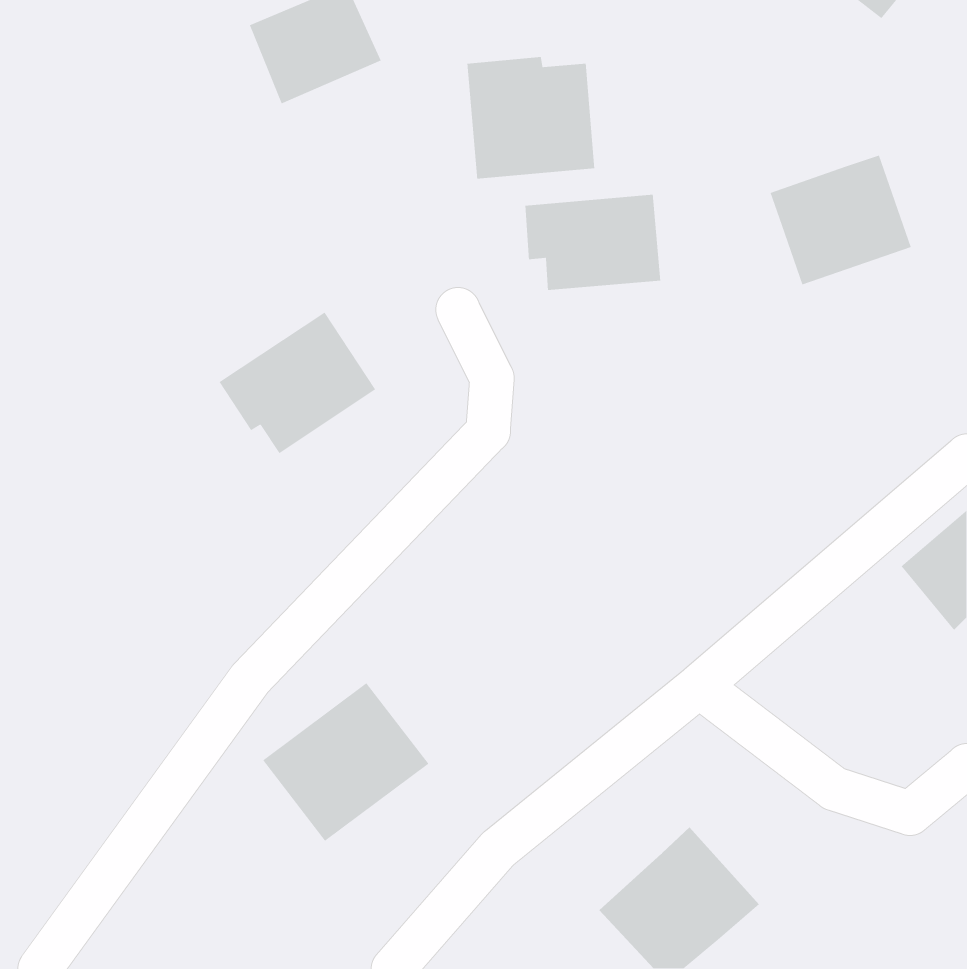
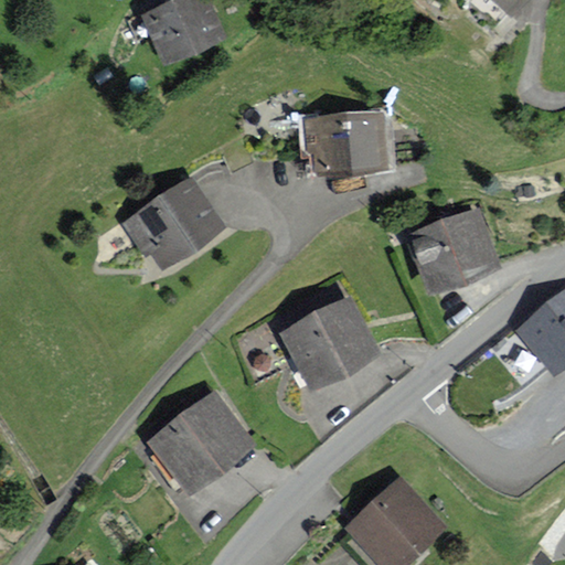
building: [466,56,595,179] -> none
building: [769,154,912,285] -> [413,212,495,288]
building: none -> [282,299,375,385]

